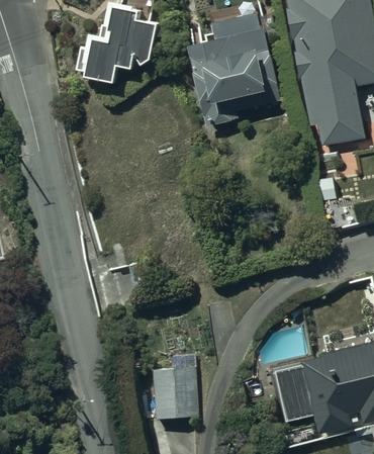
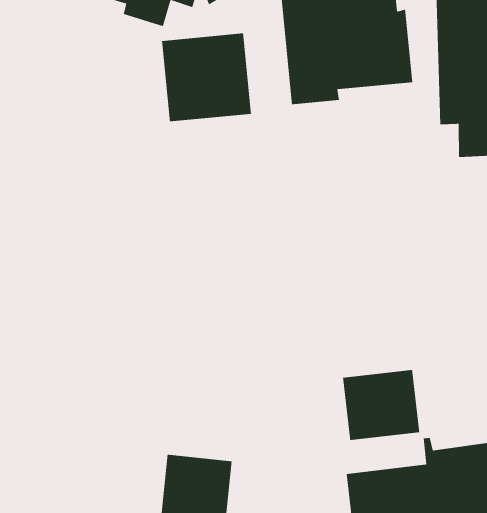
building: none -> [161,32,251,122]
building: none -> [343,369,420,441]

